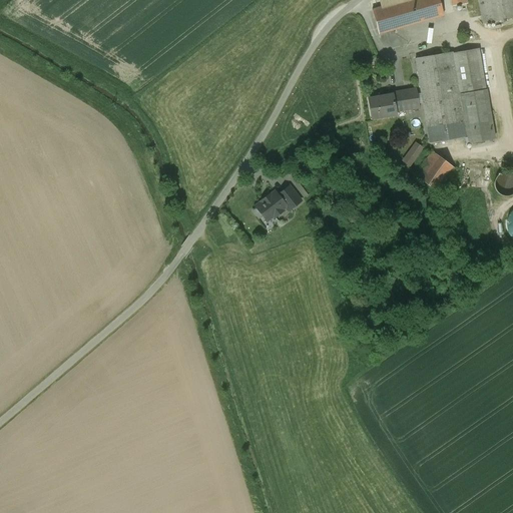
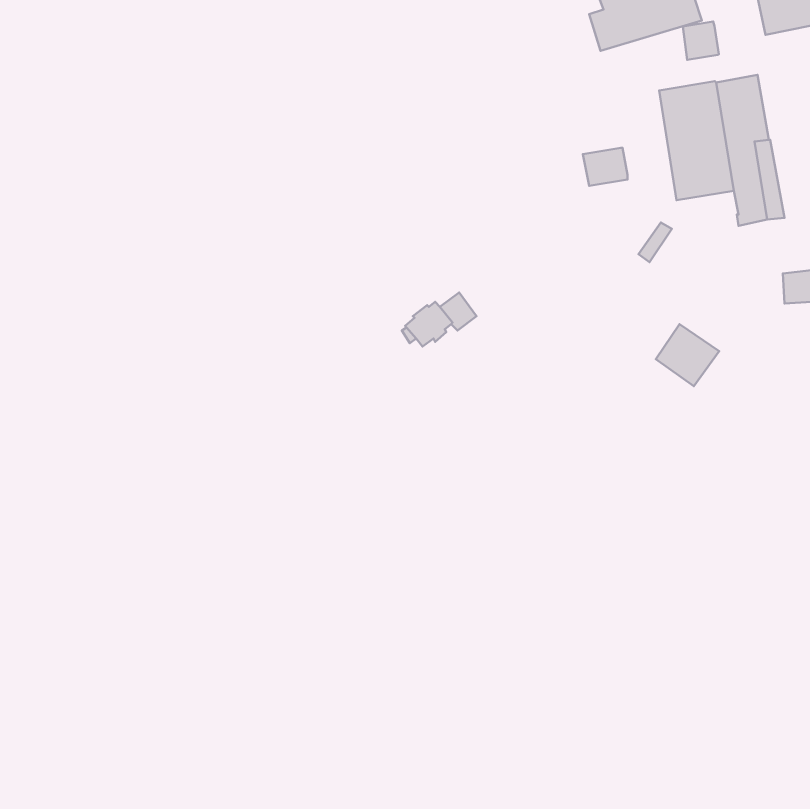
building: none -> [683,21,719,60]
building: [392,87,420,110] -> none
building: [428,120,467,141] -> none
building: [417,151,457,190] -> [656,324,719,386]

